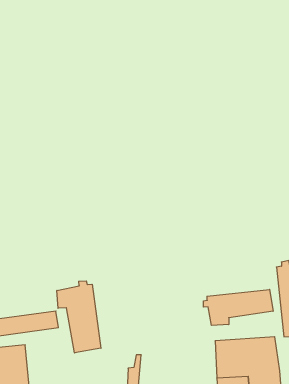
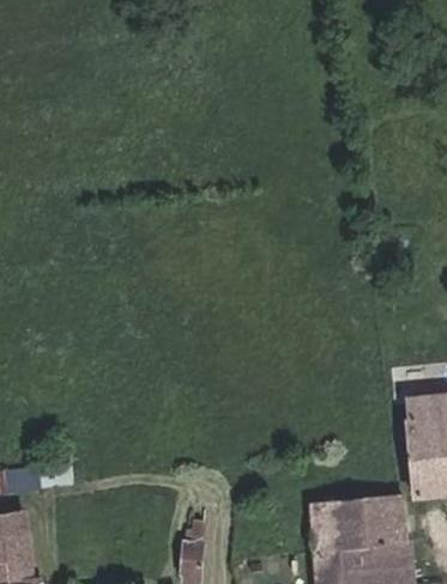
building: [57,281,101,353] -> none
building: [203,289,273,325] -> none

